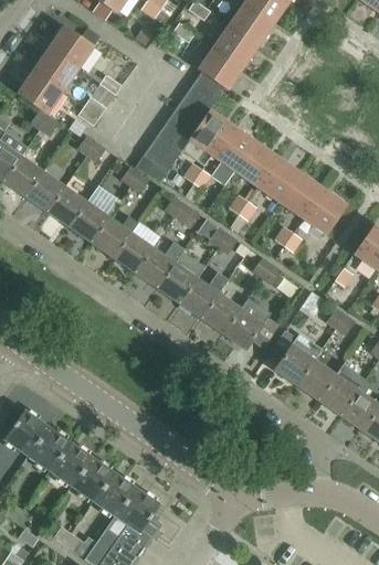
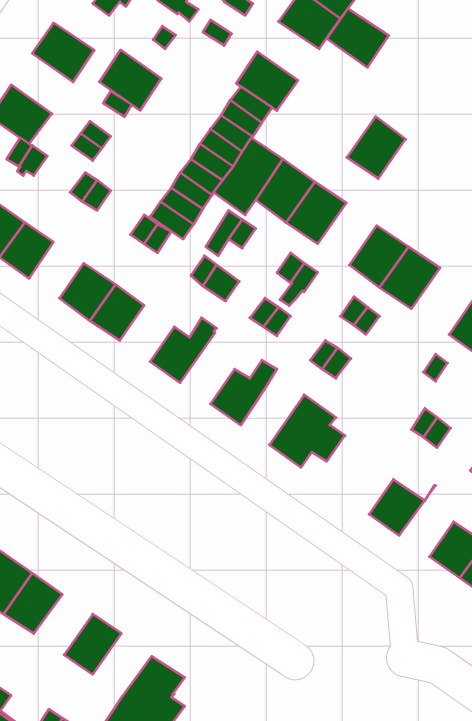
building: [213,24,259,67] -> [327,8,389,67]
building: [33,47,78,92] -> [99,50,161,110]
building: [257,157,301,202] -> [347,117,406,179]
building: [46,185,86,226] -> none
building: [113,232,152,273] -> none
building: [157,252,204,303] -> none
building: [201,292,248,333] -> none
building: [271,331,320,384] -> none
building: [317,363,365,415] -> none
building: [50,443,93,487] -> none
building: [93,471,136,516] -> none

